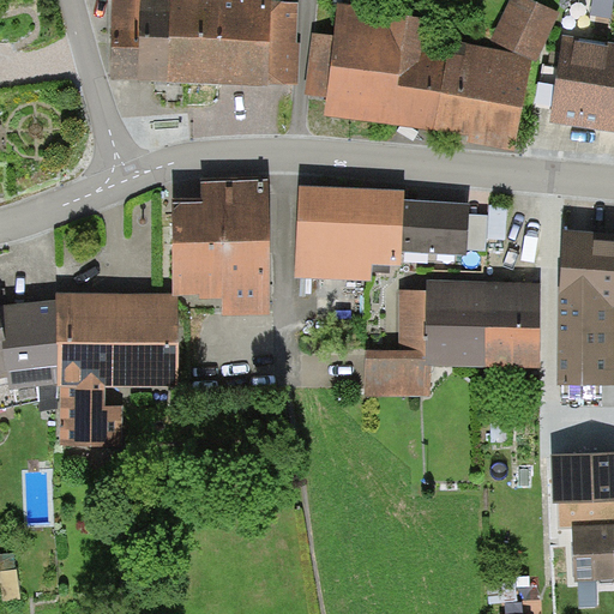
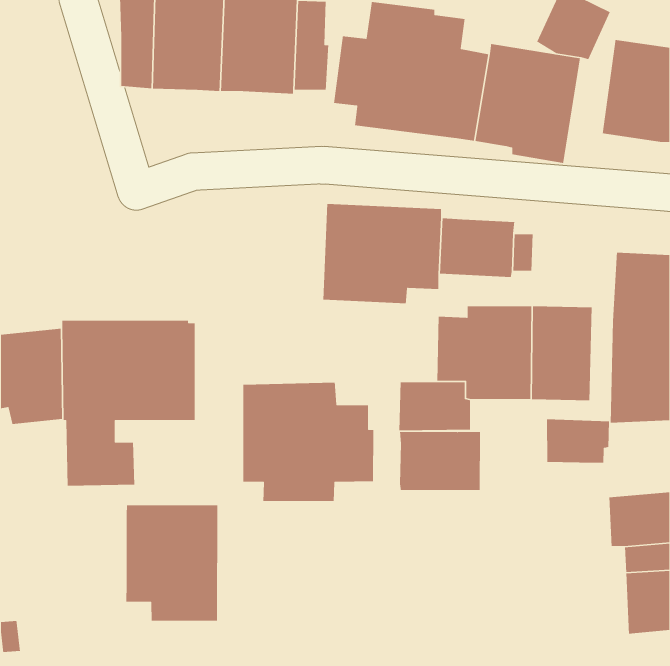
building: [173,176,270,314] -> none
building: none -> [242,382,374,502]
building: none -> [546,418,610,464]
building: none -> [399,431,481,491]
building: none -> [125,505,218,622]

